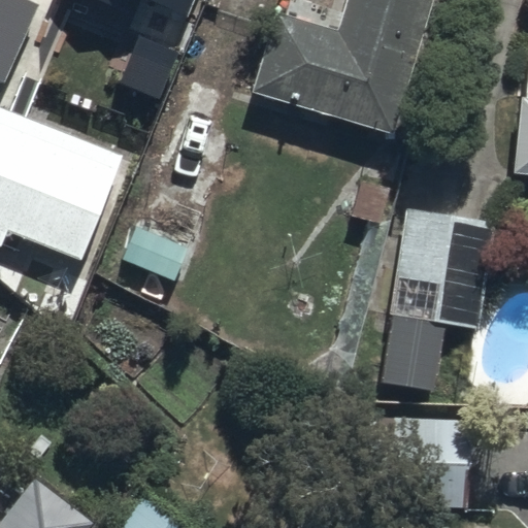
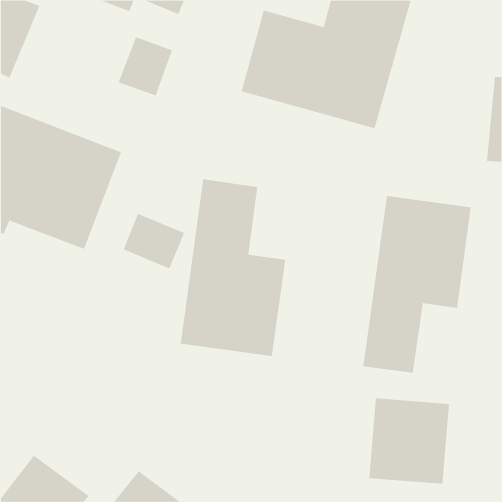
building: none -> [180,179,286,357]

